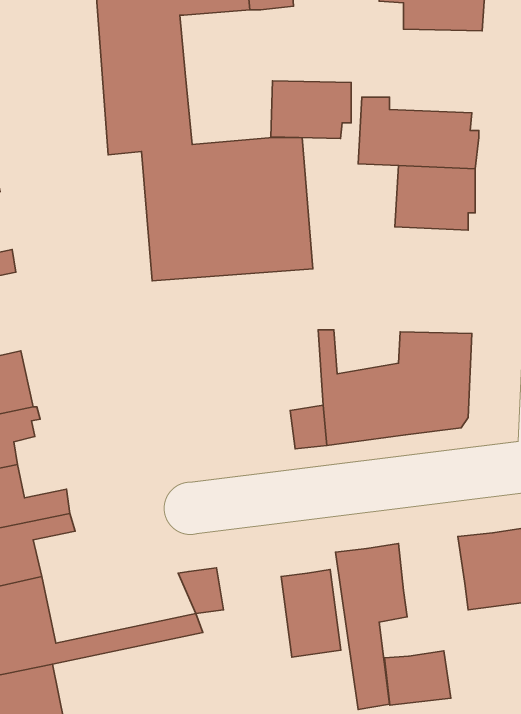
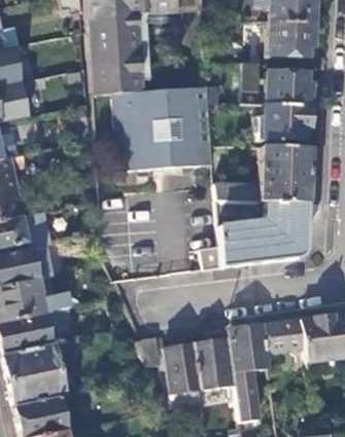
building: [271,81,351,138] -> [267,21,314,54]
building: none -> [217,144,323,199]
building: none -> [165,342,202,393]
building: [385,651,451,705] -> [265,319,304,351]

